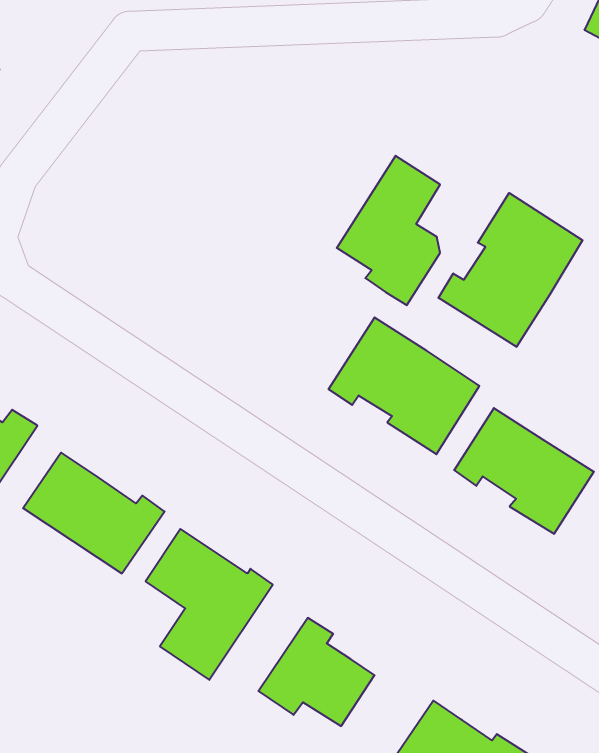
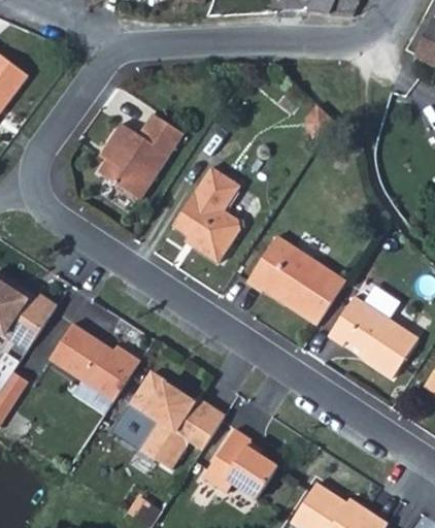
building: none -> [97,114,182,201]
building: [337,156,440,305] -> [172,166,239,263]
building: [438,193,583,347] -> none

